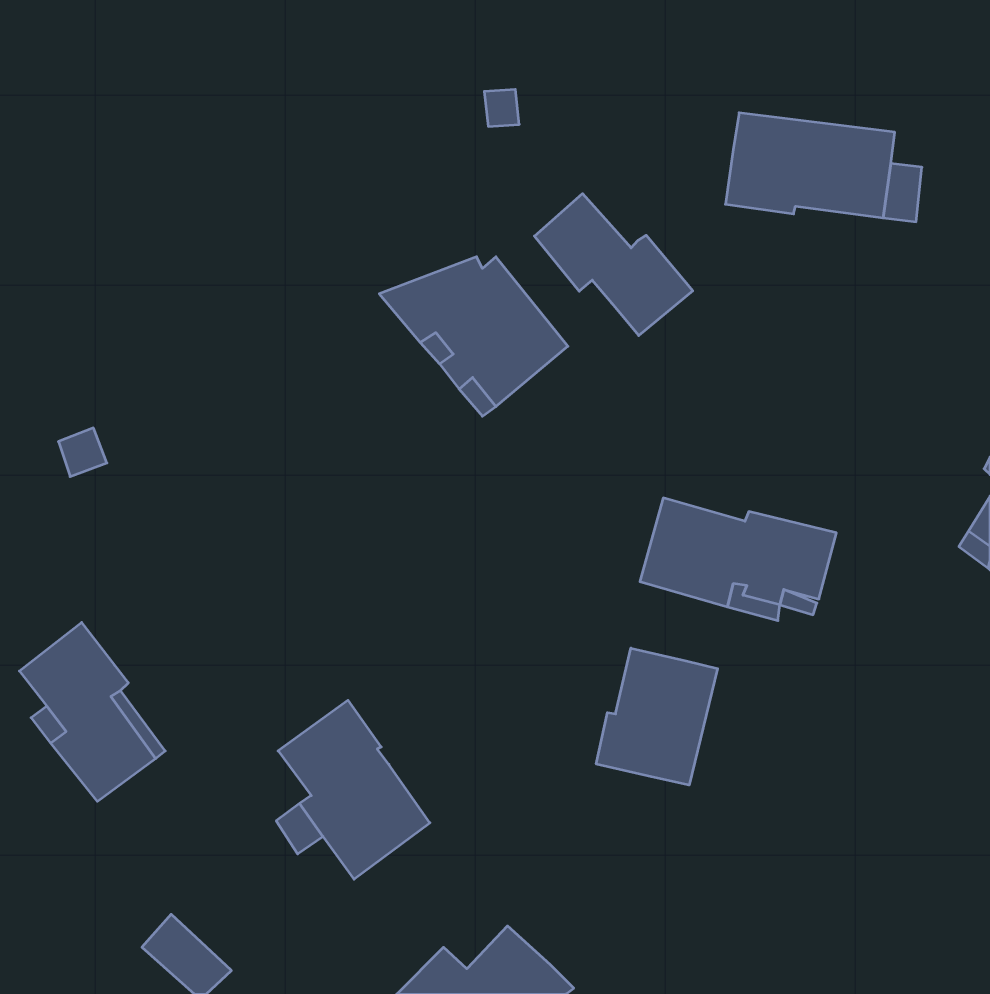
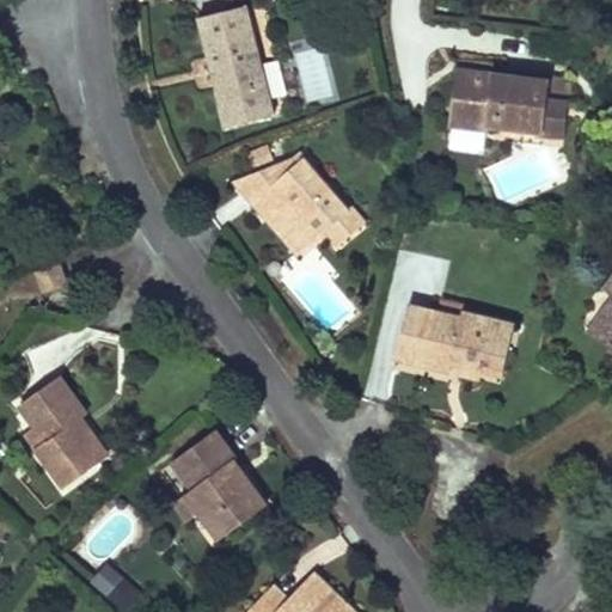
building: none -> [200,6,277,126]
building: [534,194,693,336] -> none
building: [596,648,718,785] -> none

